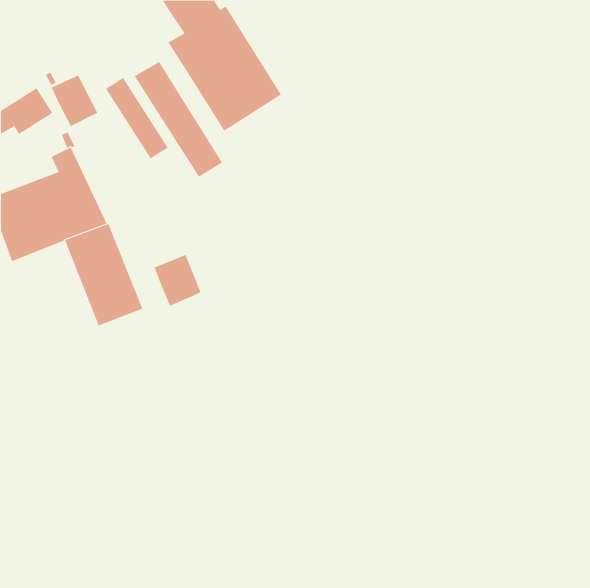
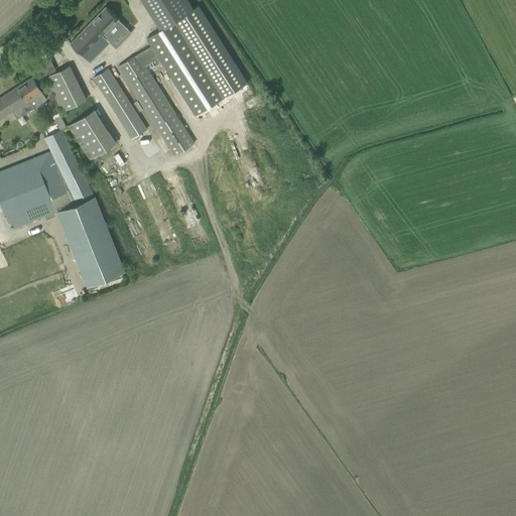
building: none -> [70,7,125,62]
building: none -> [68,108,117,160]
building: [154,254,201,306] -> none

